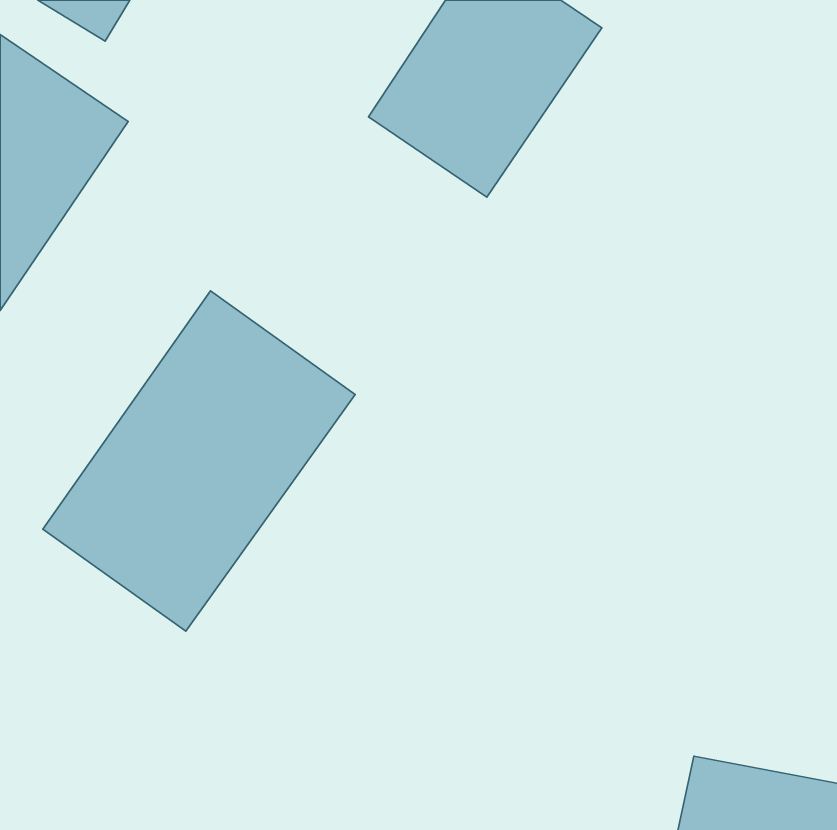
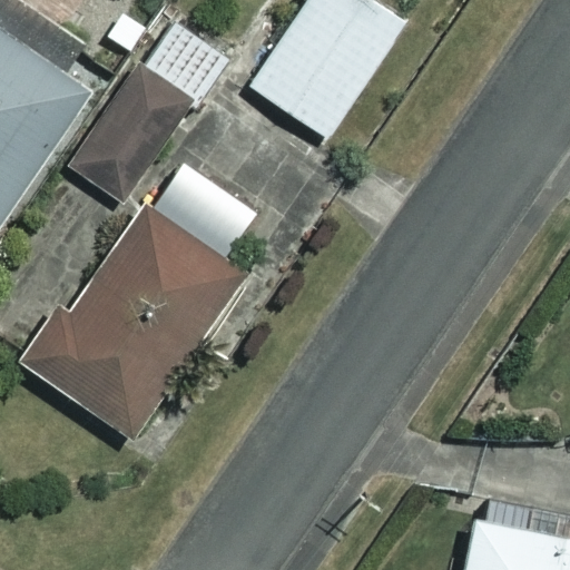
building: none -> [67,18,226,204]

